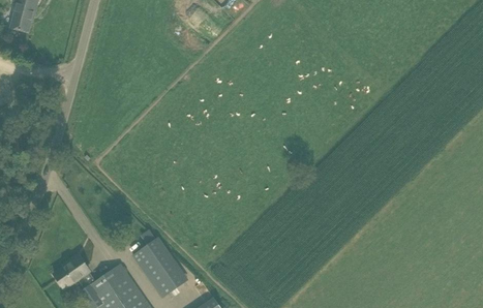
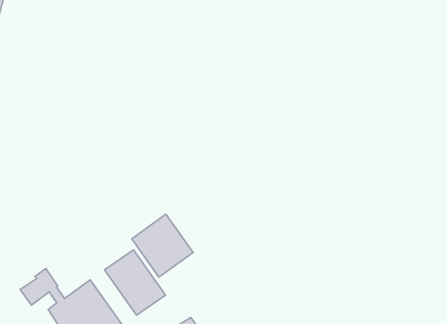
building: none -> [132,214,193,277]

